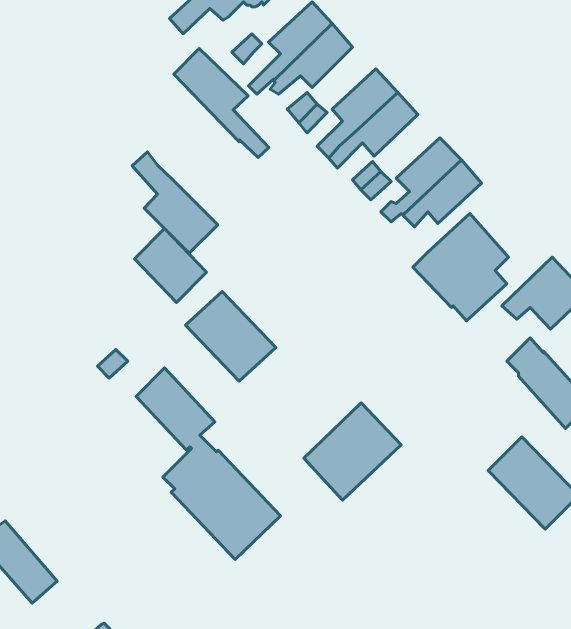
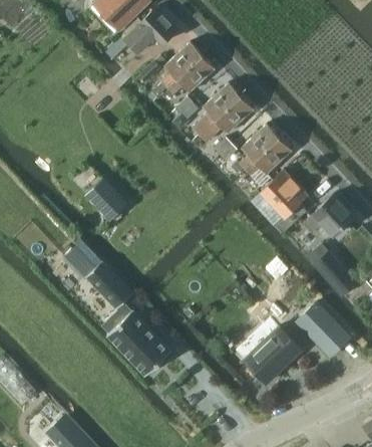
building: [174,48,269,158] -> none
building: [132,152,218,253] -> none
building: [185,292,276,381] -> none
building: [304,403,401,500] -> [244,325,302,384]

